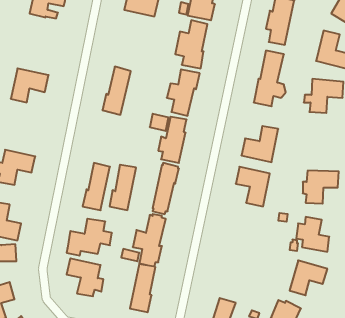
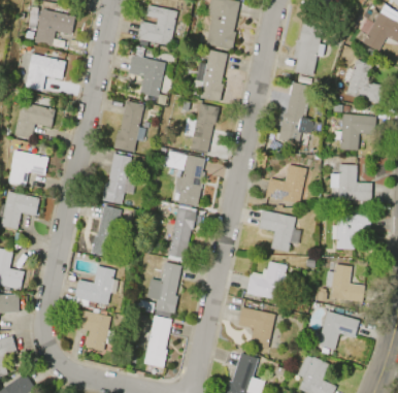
building: none -> [24,54,66,91]
building: none -> [129,56,165,98]
building: none -> [7,151,47,187]
building: none -> [330,165,371,200]
building: [110,165,136,210] -> [102,155,131,204]
building: none -> [246,261,287,300]
building: none -> [238,306,275,349]

